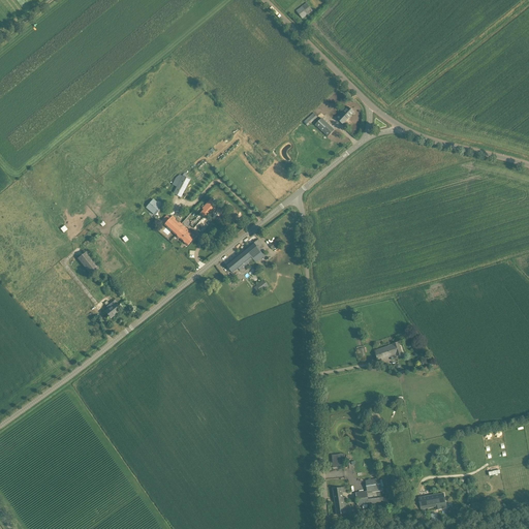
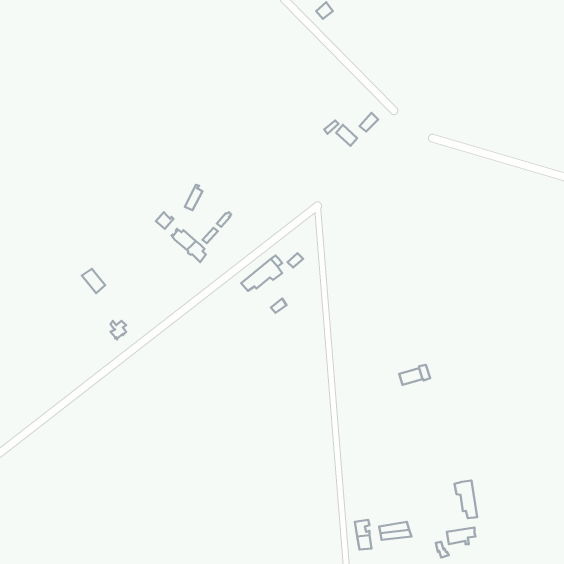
building: none -> [455,481,477,518]

